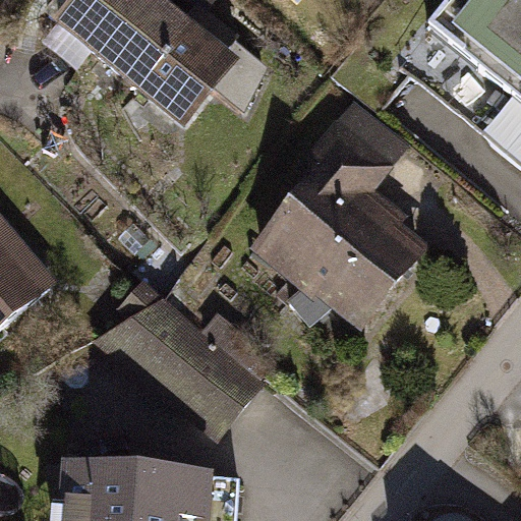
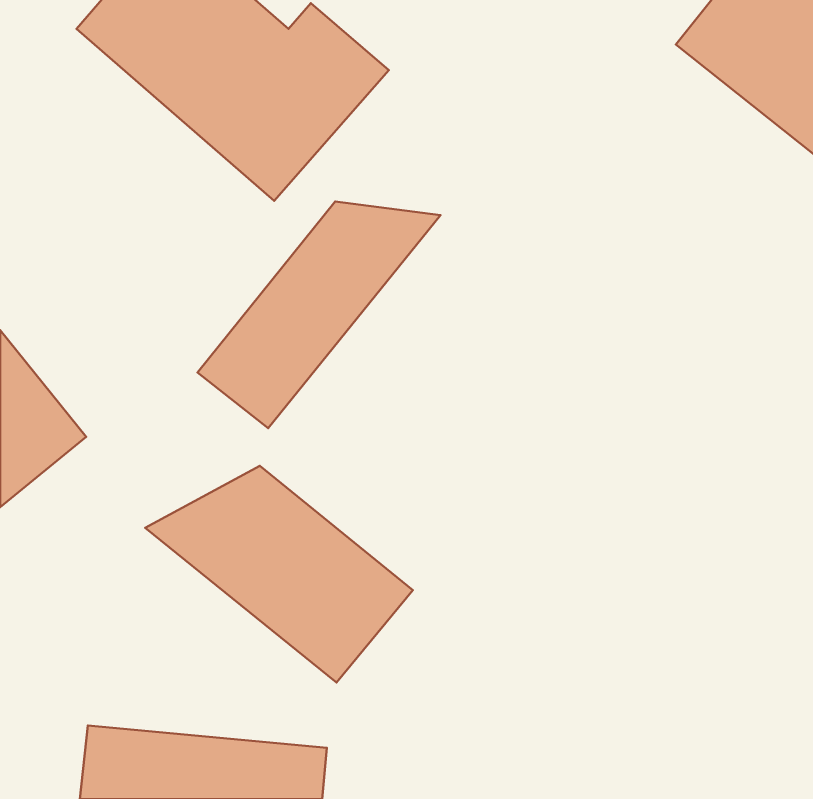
building: [249,105,429,332] -> none
building: none -> [197,202,440,428]

